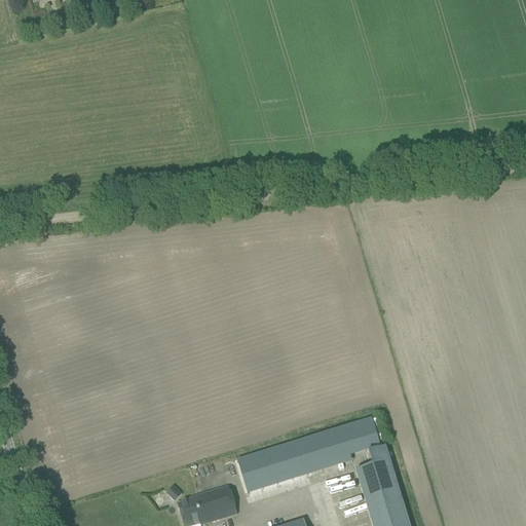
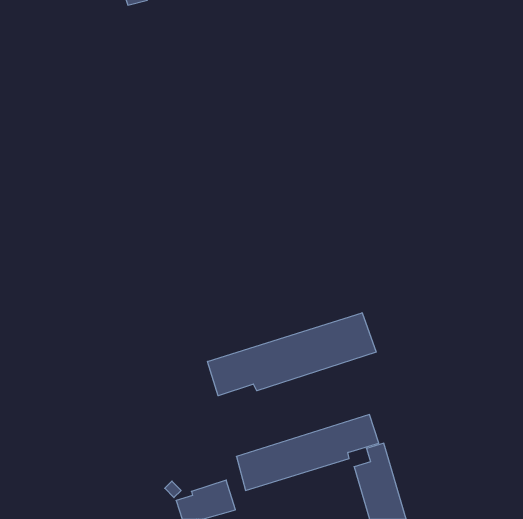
building: none -> [208,313,376,396]

